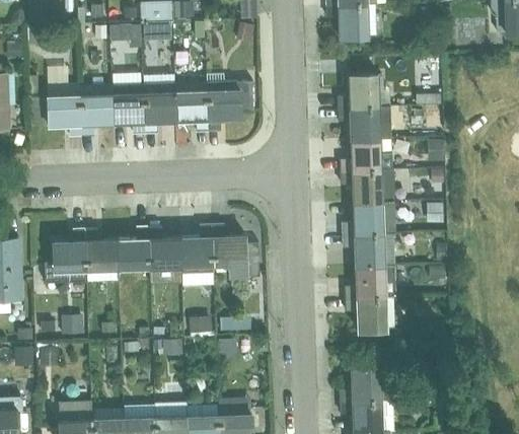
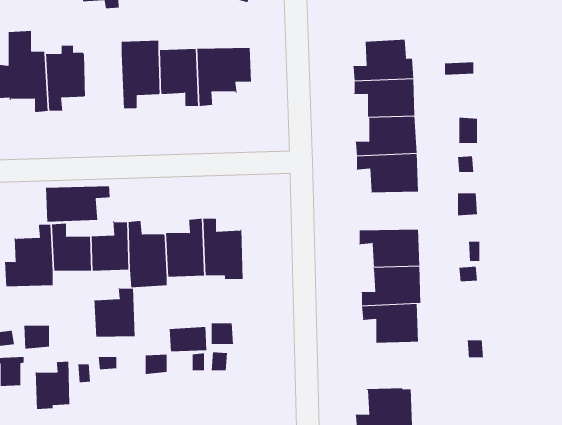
building: [113,86,145,134] -> none
building: none -> [46,185,112,223]
building: [343,203,395,235] -> none
building: none -> [94,287,135,337]
building: none -> [35,361,70,410]

